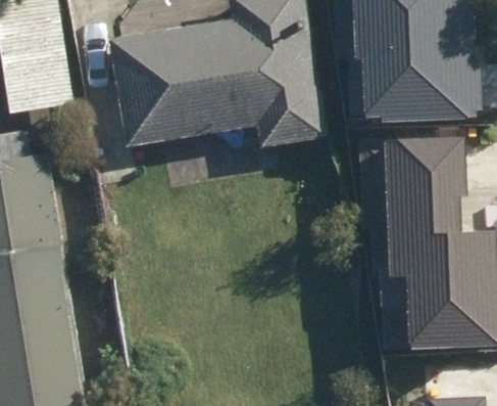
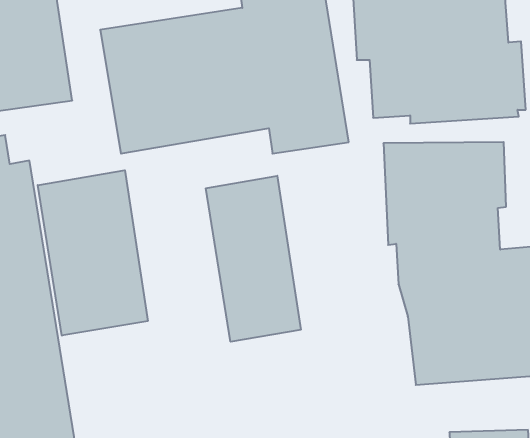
building: none -> [38,170,148,336]
building: none -> [206,176,301,342]

